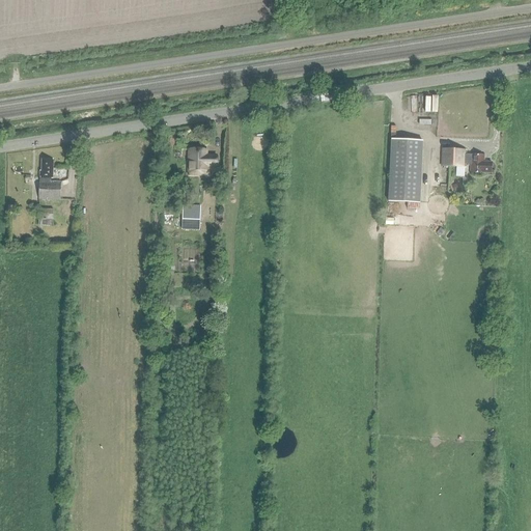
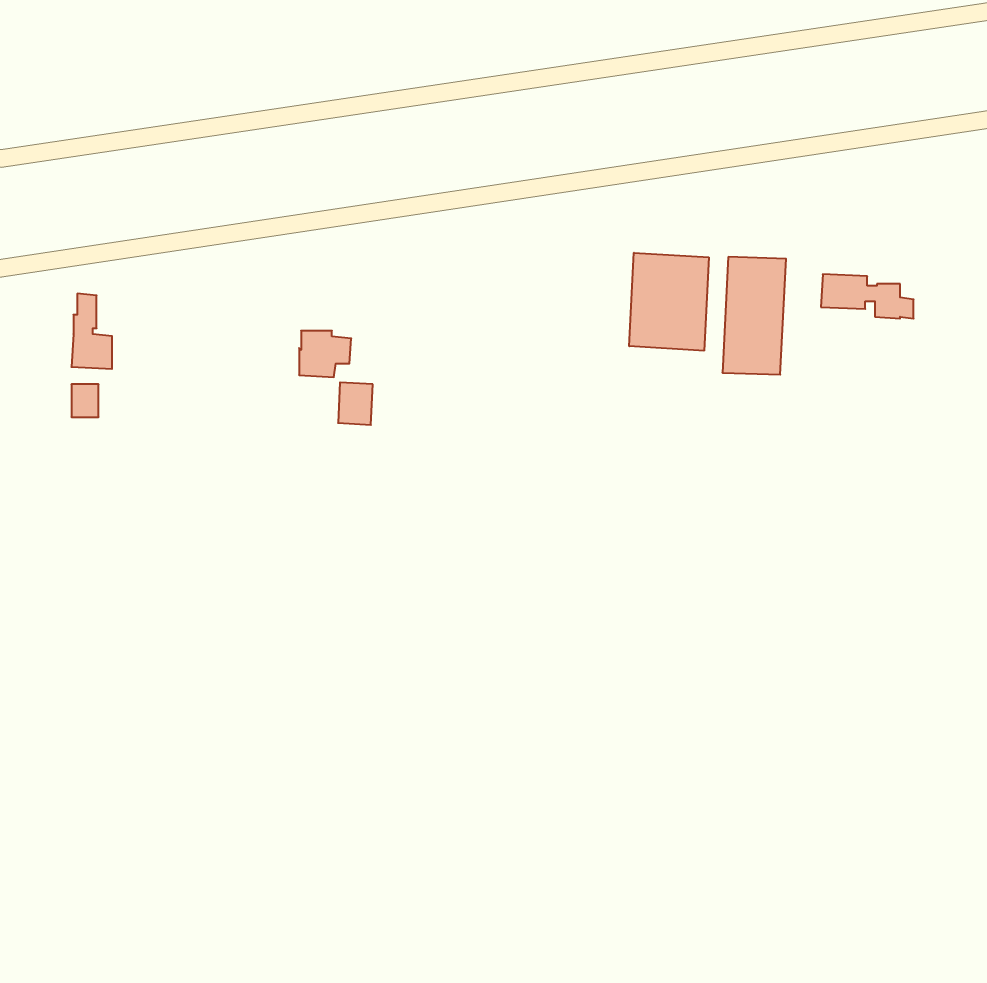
building: none -> [629,253,709,351]
building: [189,148,217,173] -> [299,331,351,377]

